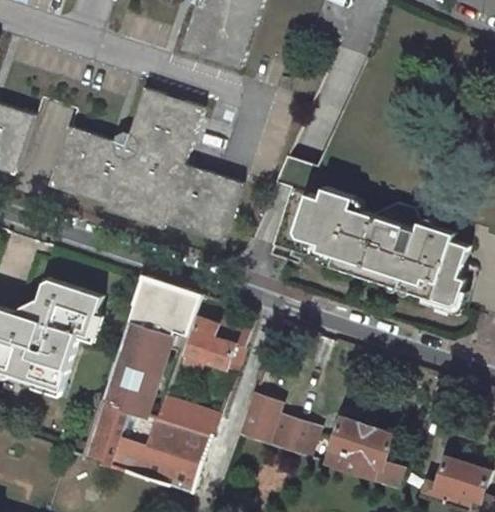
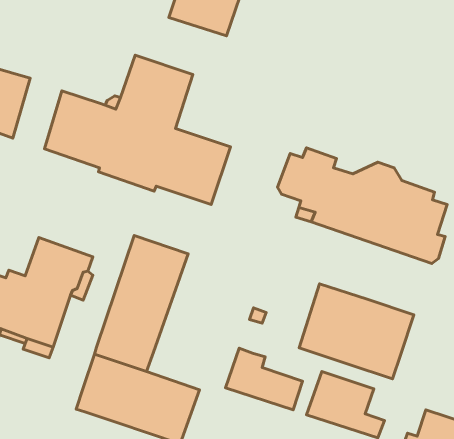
building: [186,317,242,369] -> none
building: none -> [299,284,414,379]
building: [156,396,218,435] -> none

